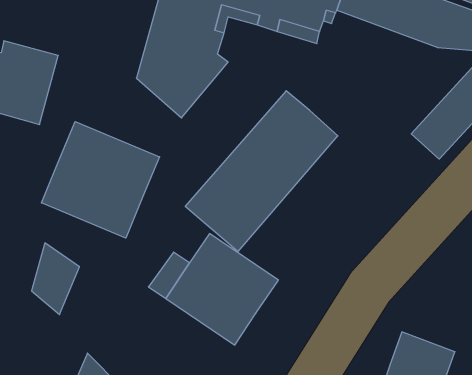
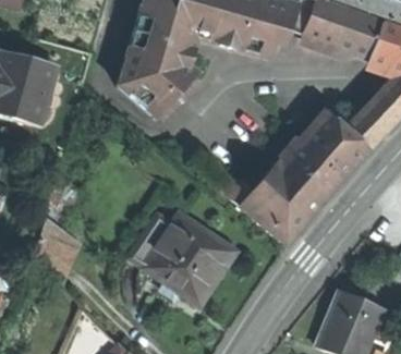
building: [185,91,338,251] -> [243,113,368,245]
building: [41,122,160,238] -> none

